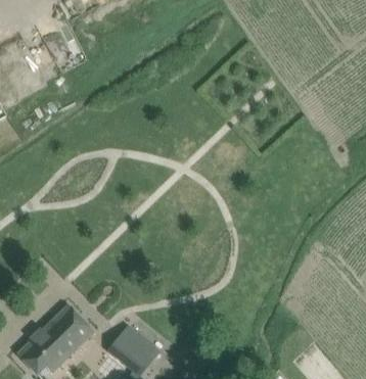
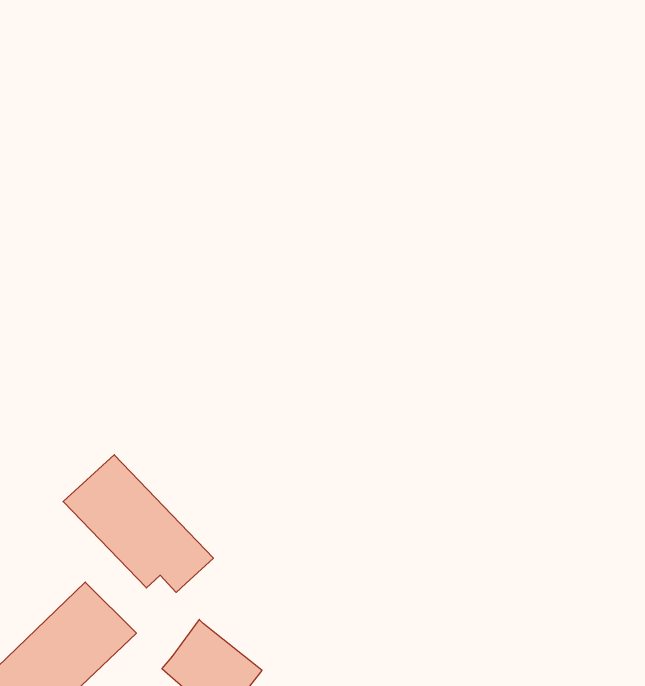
building: none -> [63,455,213,592]

